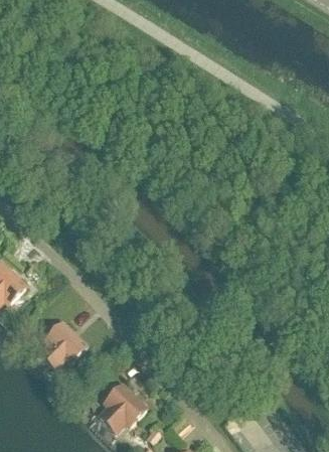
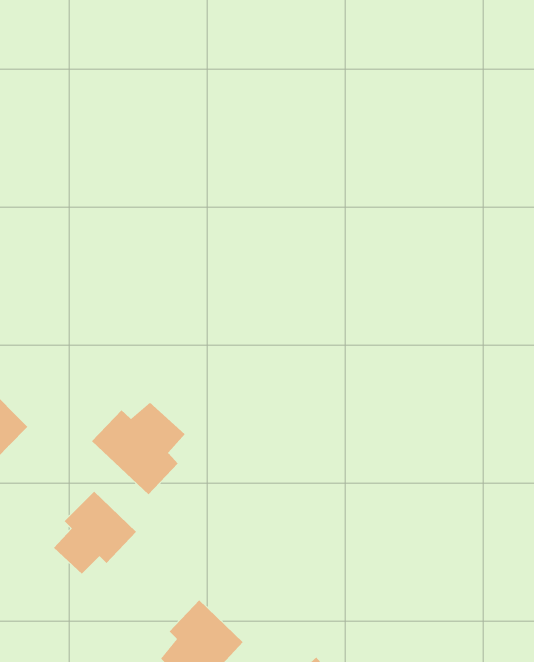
building: none -> [91,402,185,495]

